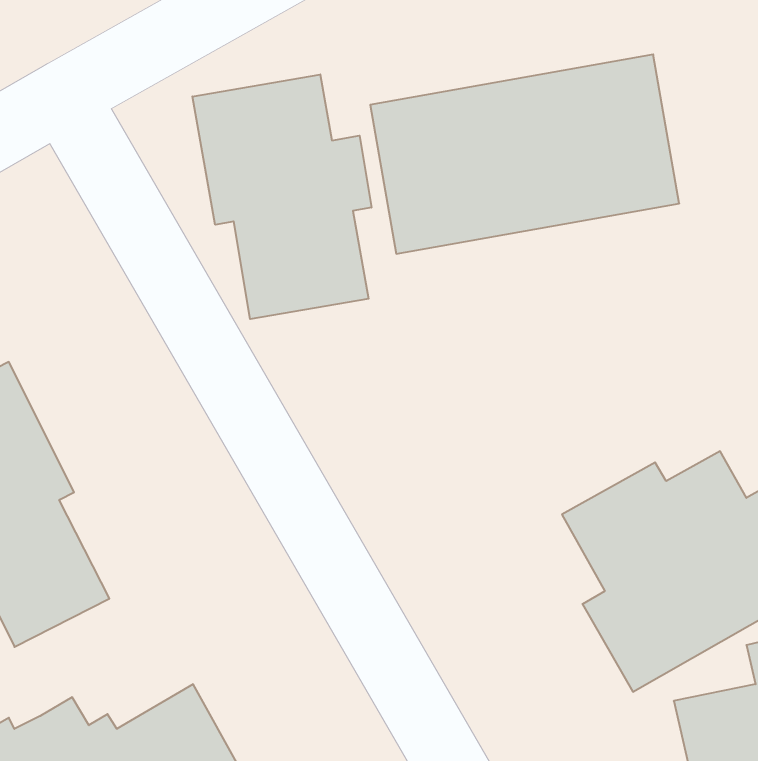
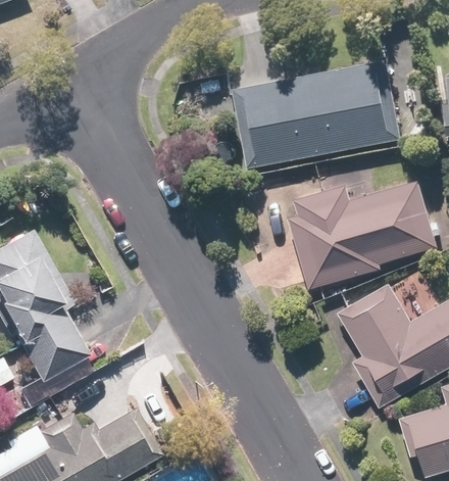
building: [192,74,371,319] -> none
building: none -> [287,183,439,290]

